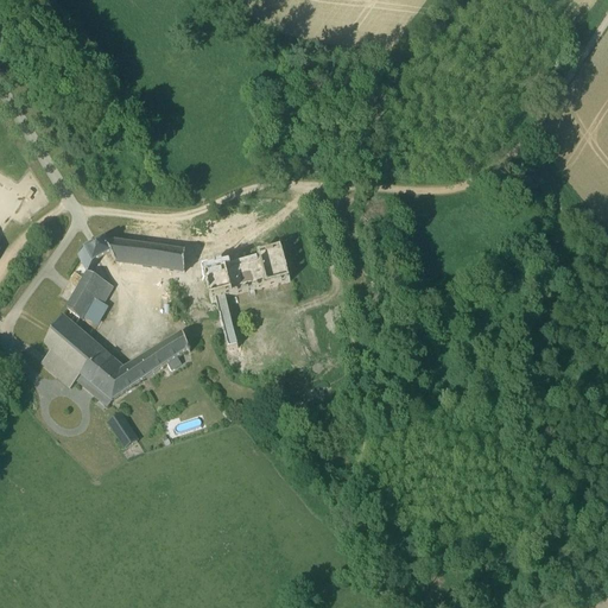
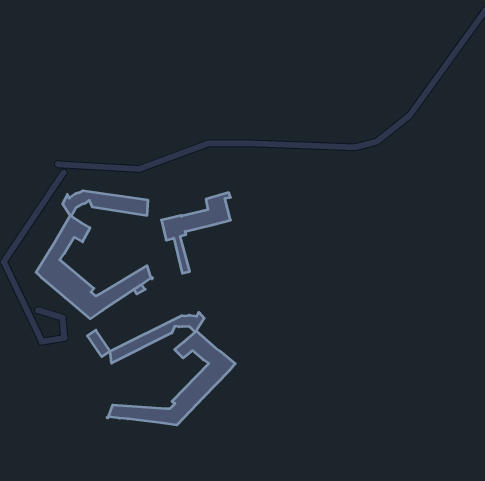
building: [42,348,82,386] -> none
building: none -> [107,312,235,425]

